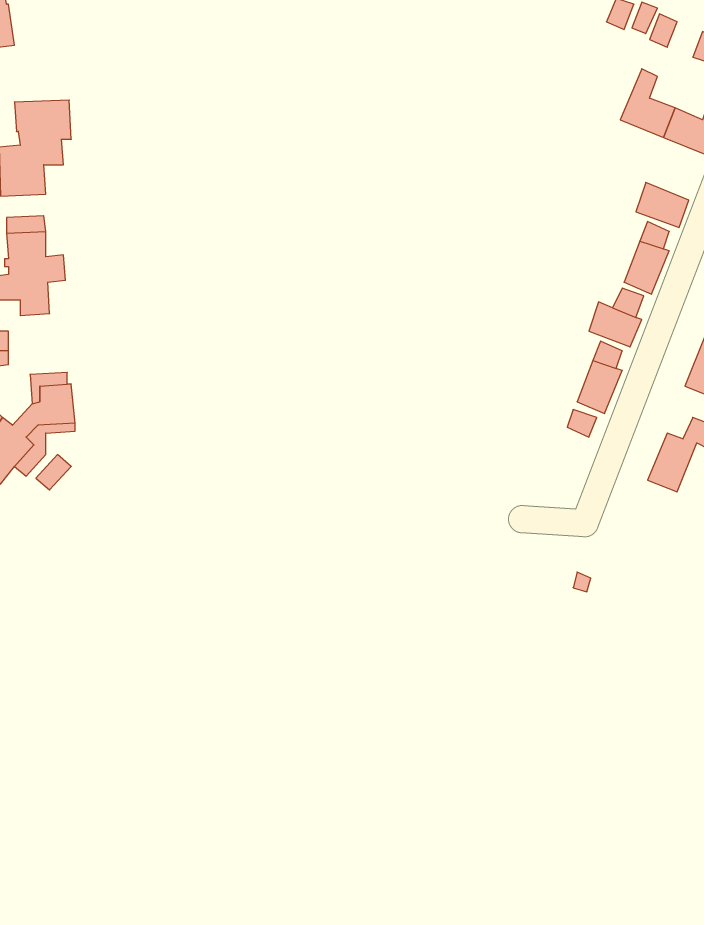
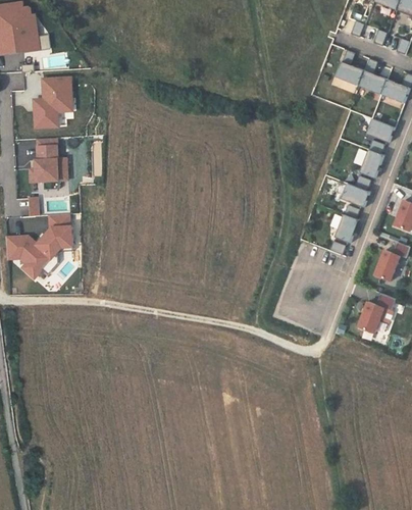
building: none -> [338,52,365,87]
building: none -> [357,292,395,333]

